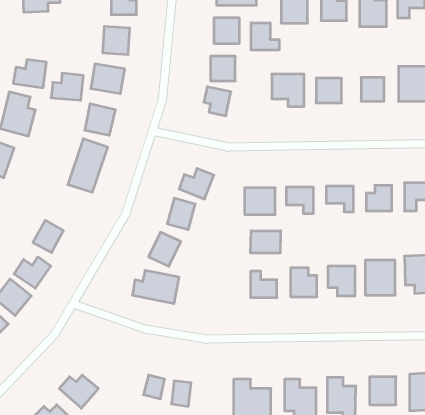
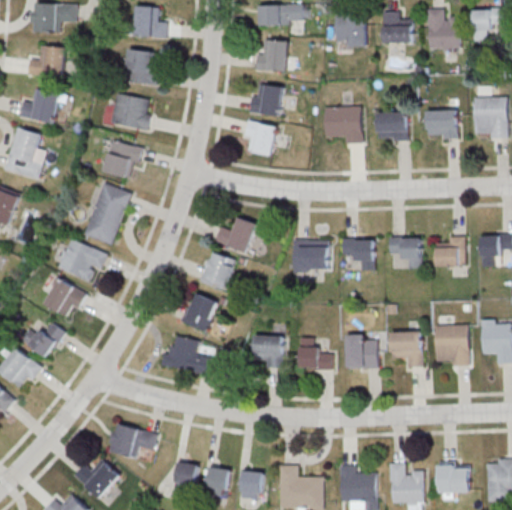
building: [251,23,279,50] -> none
building: [51,73,83,100] -> [27,46,65,78]
building: none -> [55,237,107,280]
building: [251,231,281,253] -> none
building: none -> [253,336,281,368]
building: none -> [109,424,155,459]
building: none -> [241,472,261,499]

